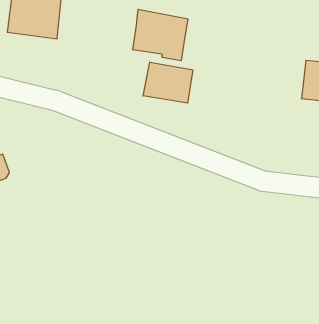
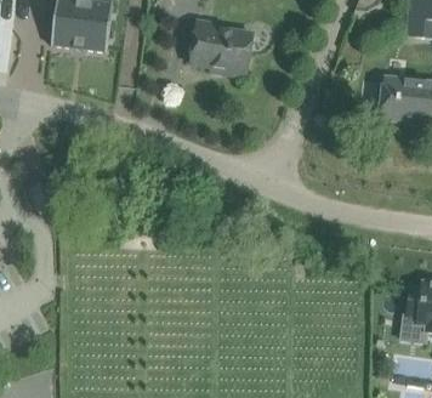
building: [143,62,193,103] -> none

